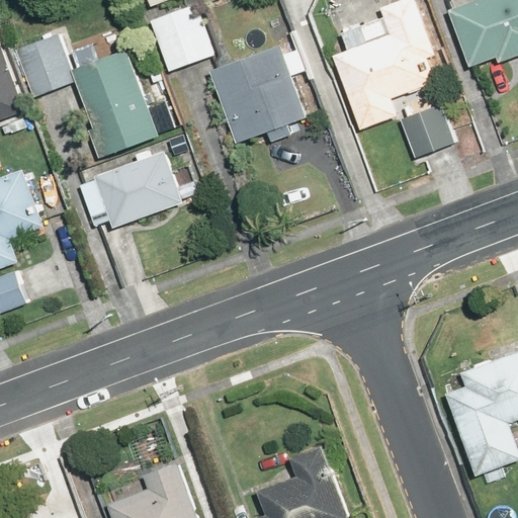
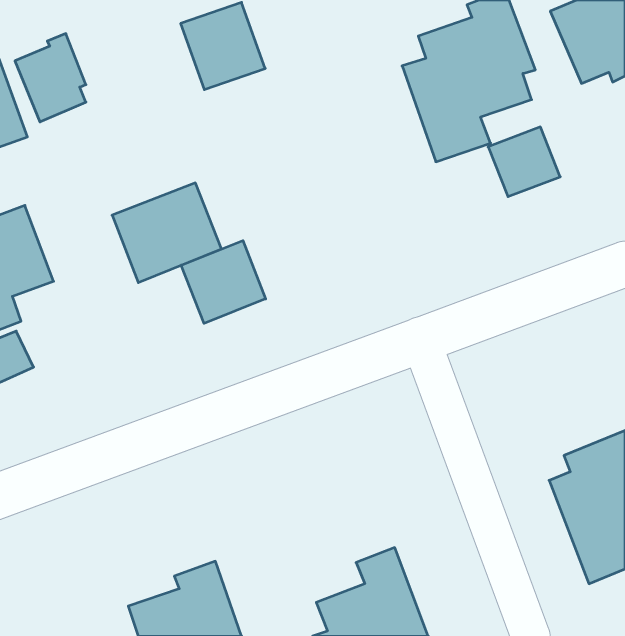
building: [211,45,307,143] -> none
building: [70,48,159,160] -> none
building: none -> [181,241,266,323]

